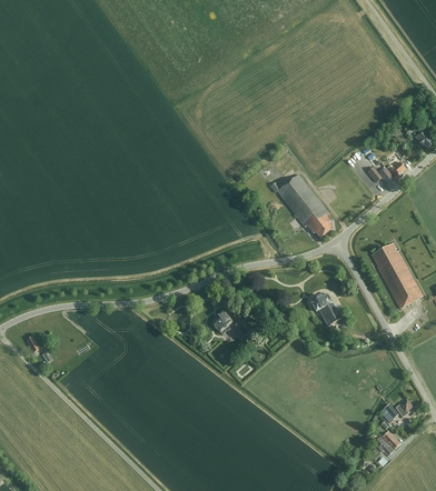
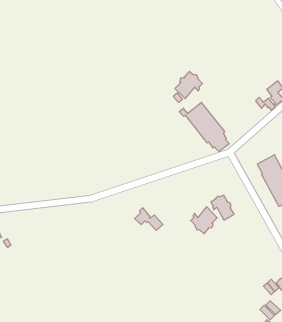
building: none -> [175,71,202,99]
building: none -> [191,207,217,234]

